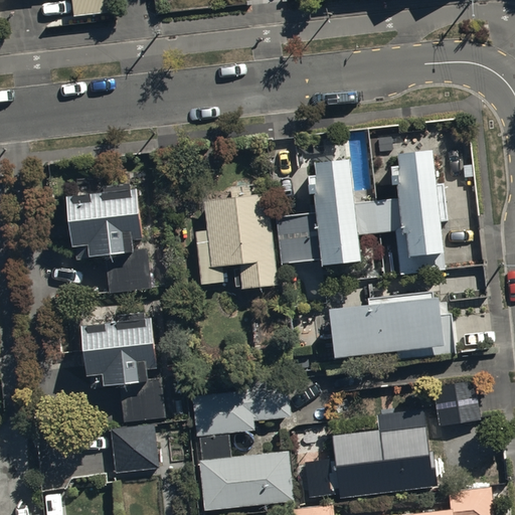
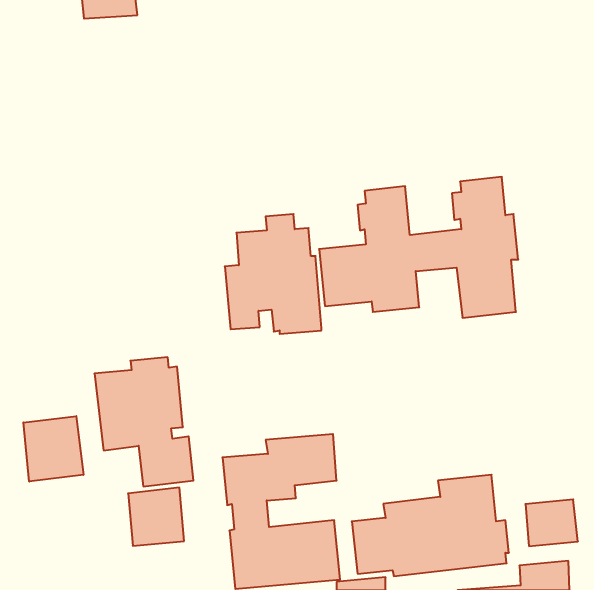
building: [66,182,150,292] -> none
building: [330,296,453,359] -> none
building: none -> [23,416,83,482]
building: [434,381,479,421] -> [525,499,578,546]

